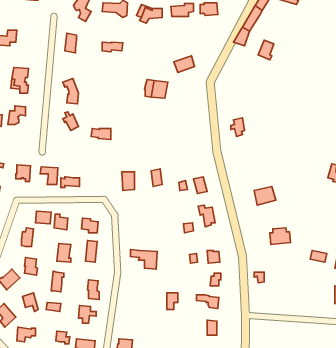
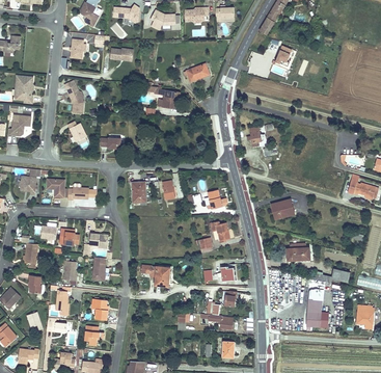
building: none -> [308,297,329,324]

